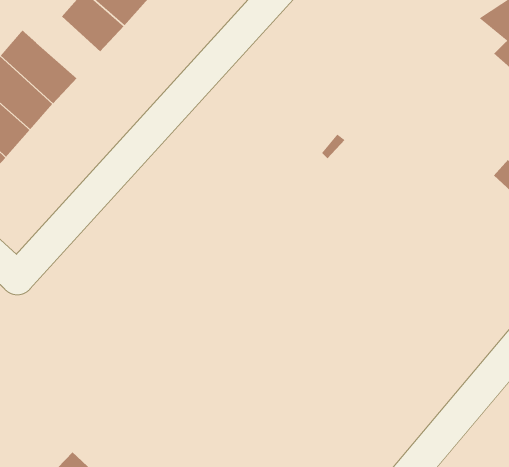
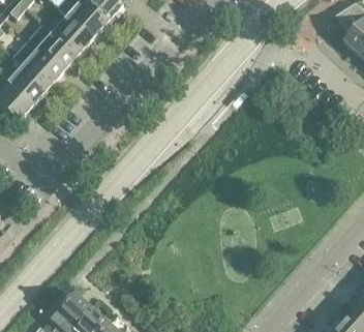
building: none -> [52,16,92,55]

